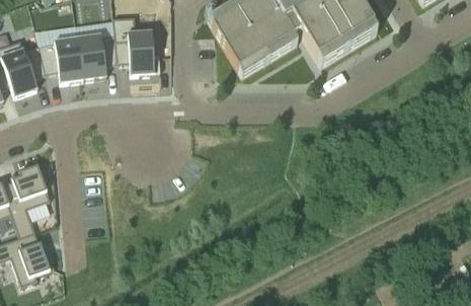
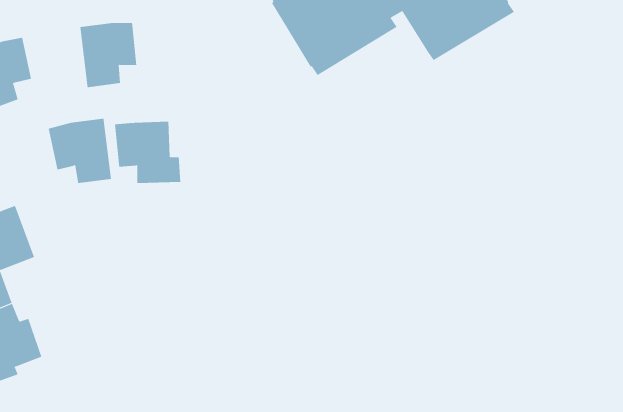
building: [117,32,163,75] -> [114,121,181,184]
building: [43,37,86,82] -> [48,118,112,184]

